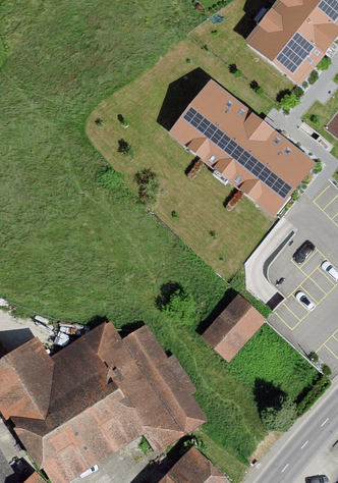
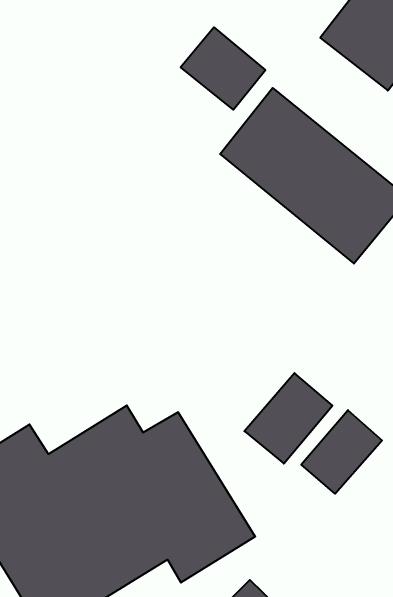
building: none -> [181,27,265,110]
building: none -> [301,410,382,494]

